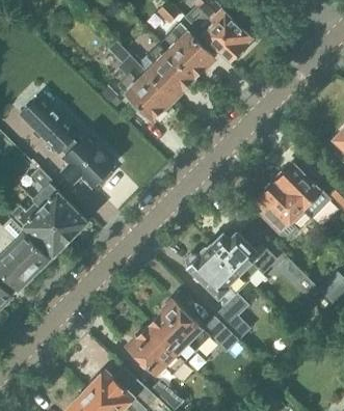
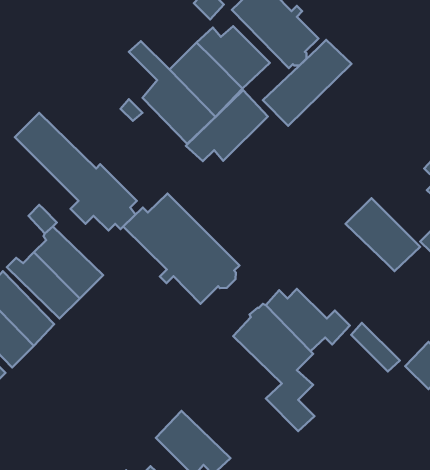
building: none -> [263,40,352,126]
building: none -> [186,90,268,161]
building: none -> [123,193,240,304]
building: [254,182,306,243] -> none
building: [148,300,237,361] -> none

